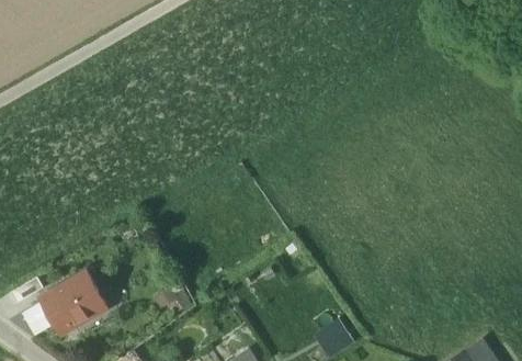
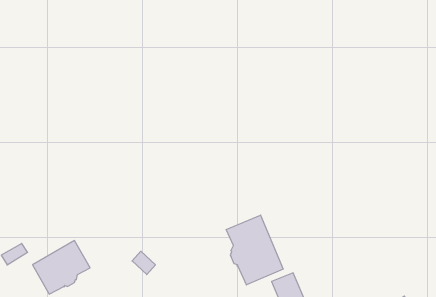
building: none -> [226,215,283,285]

